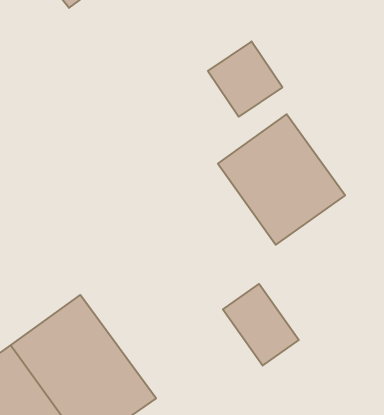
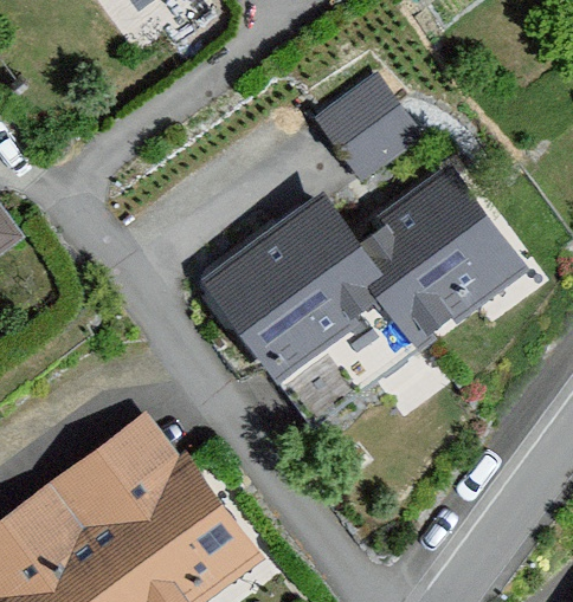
building: none -> [201,203,417,428]
building: [223,284,299,366] -> none

